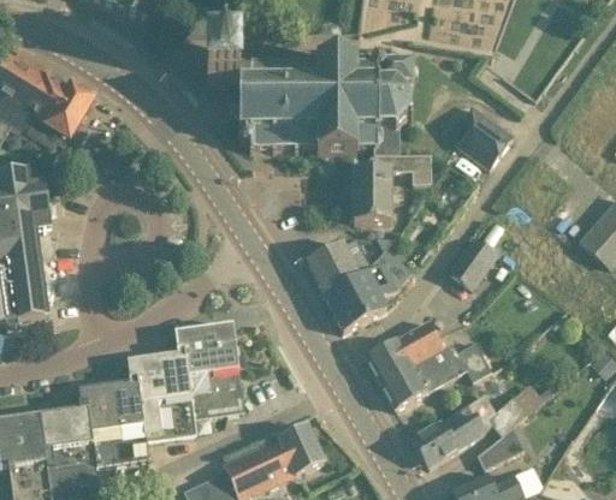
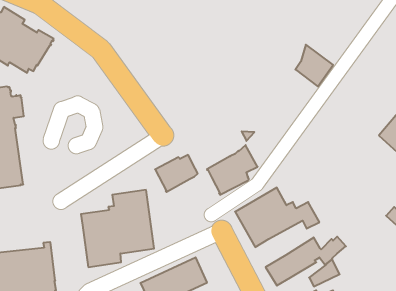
building: [206,47,431,220] -> none
building: [307,236,371,291] -> [155,155,198,192]
building: [449,237,496,286] -> none
building: [85,375,146,458] -> none

